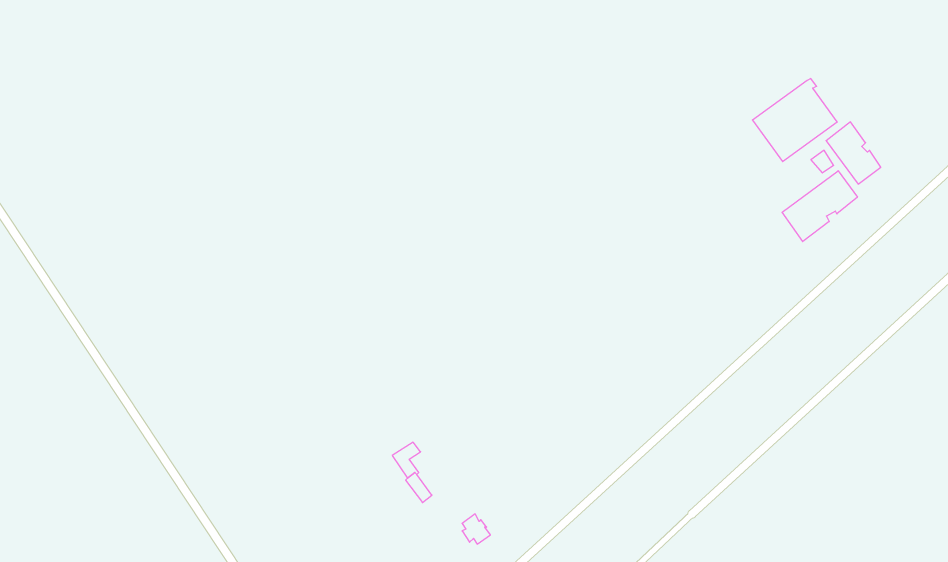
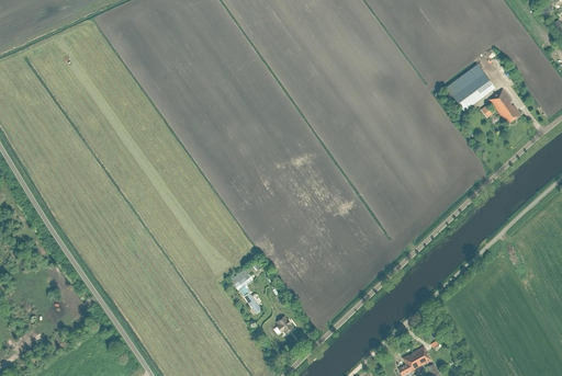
building: [782,171,857,242] -> none

